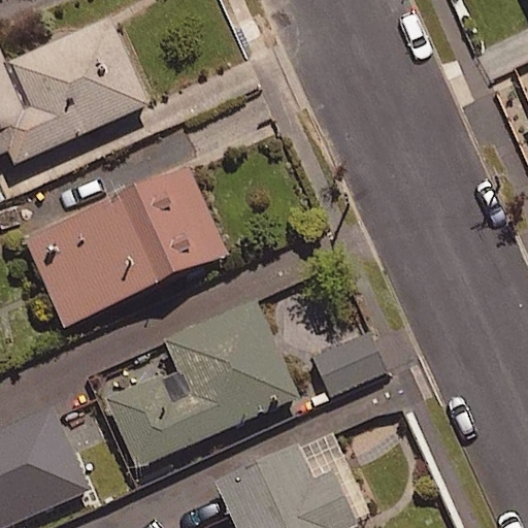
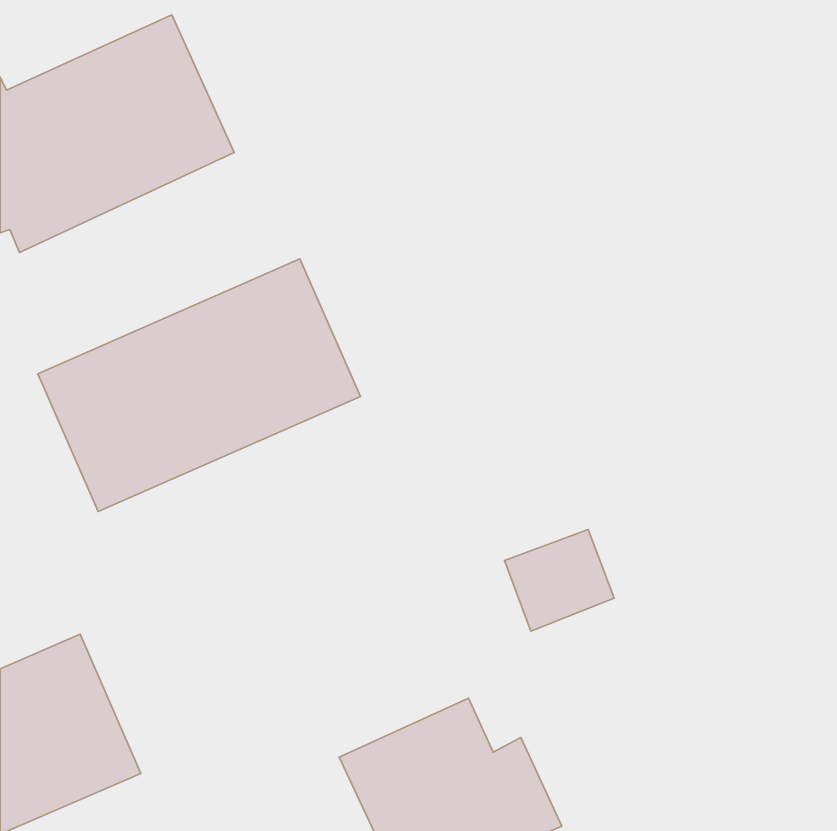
building: [104,300,295,466] -> none

